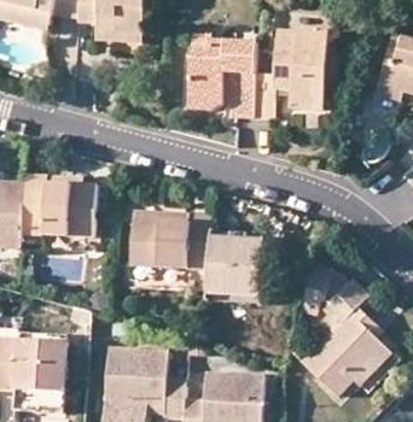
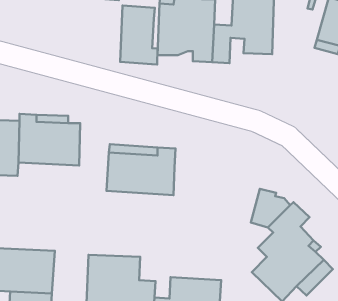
building: none -> [120,5,158,65]
building: [205,240,264,300] -> none

